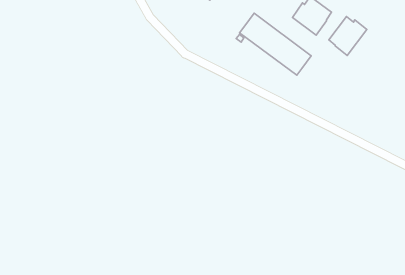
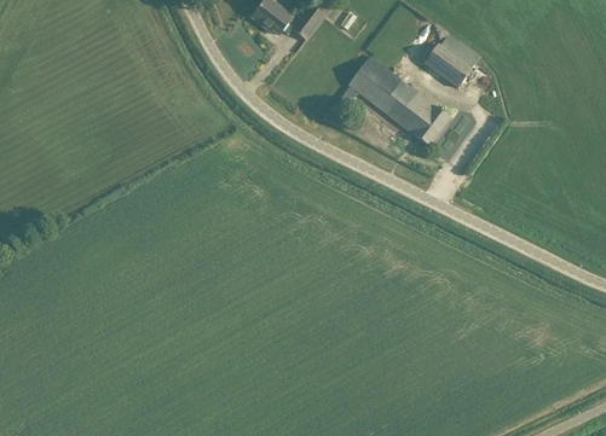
building: [329,16,367,56] -> none

